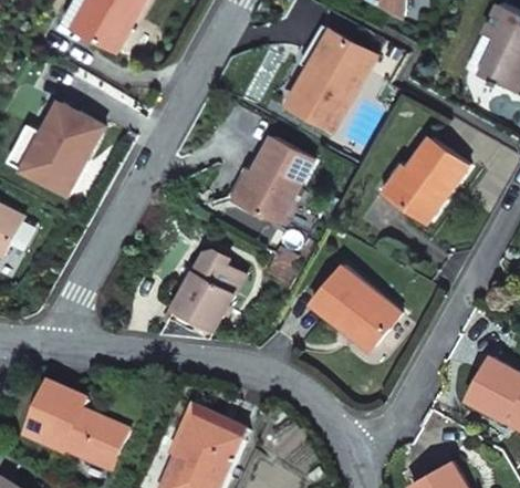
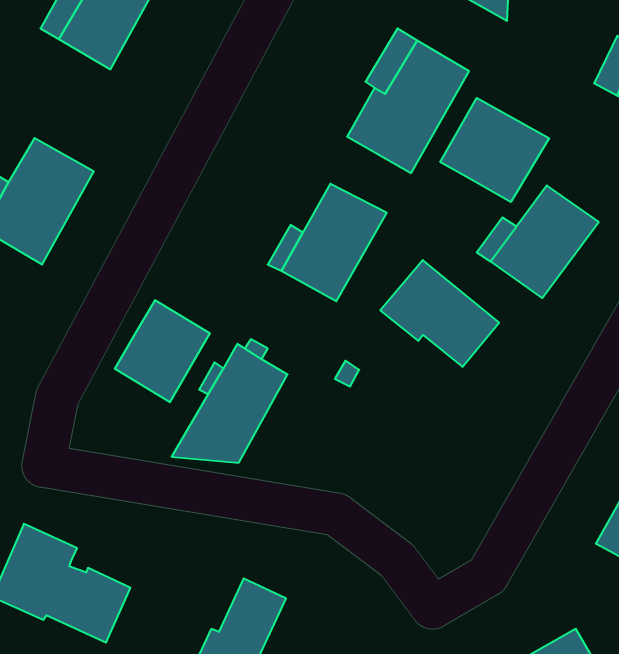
building: none -> [440,98,549,202]
building: none -> [115,300,210,402]
building: [313,267,399,344] -> [380,260,499,367]
building: [181,408,246,463] -> none

